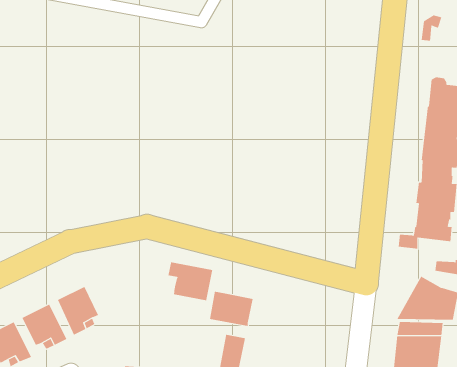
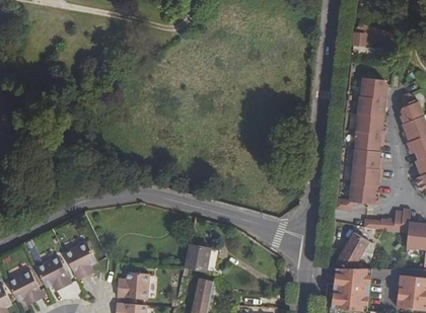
building: [168,261,213,301] -> none
building: none -> [117,272,149,299]

